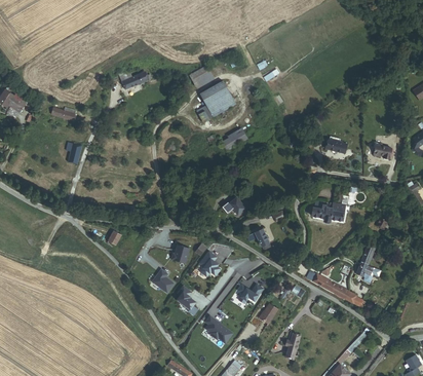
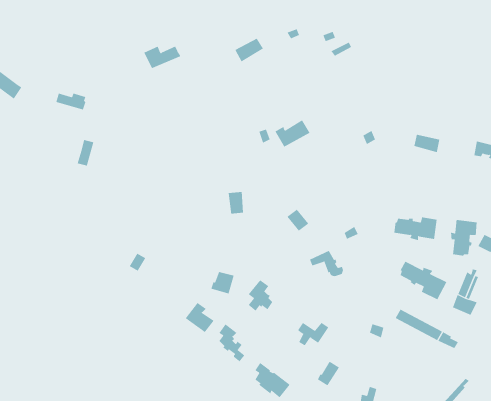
building: [196,80,235,122] -> none
building: none -> [451,219,477,256]
building: none -> [400,261,447,300]

